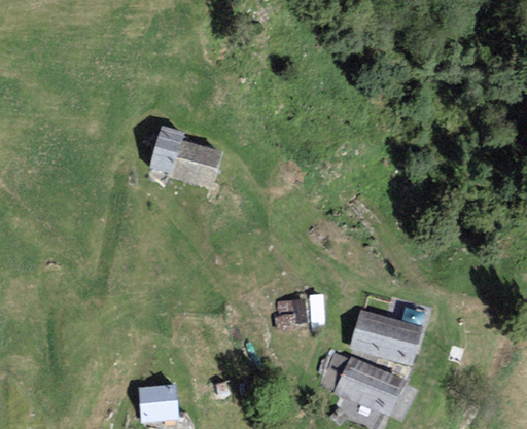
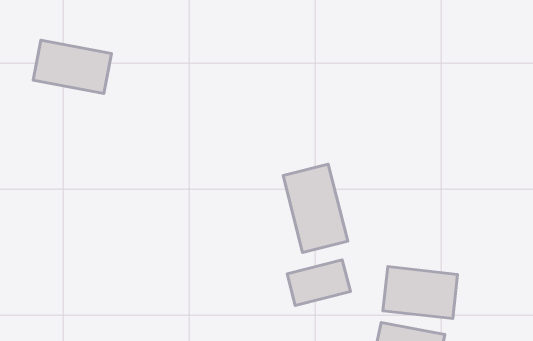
building: [150,137,224,193] -> [33,40,111,94]
building: none -> [283,164,348,253]

